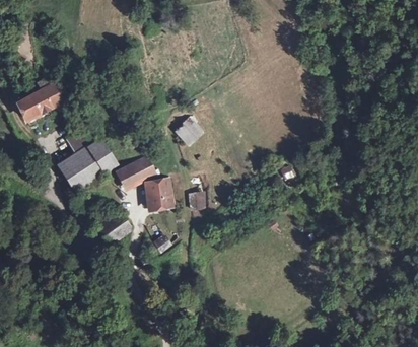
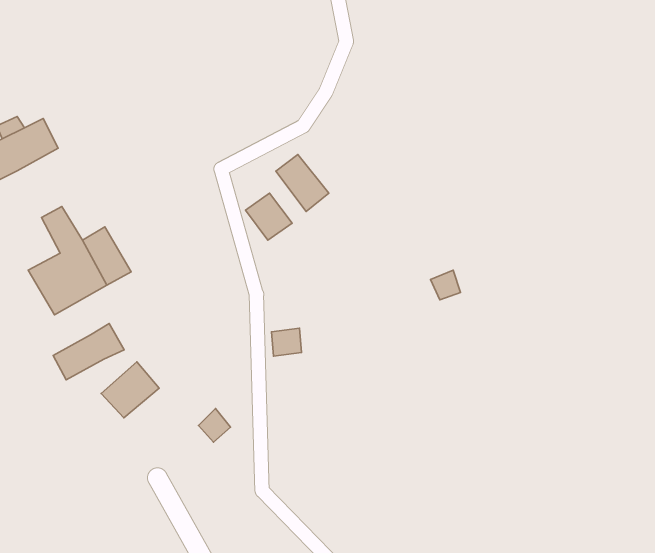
building: none -> [276,155,329,211]
building: [114,155,152,186] -> [53,324,124,380]
building: [147,181,173,210] -> none

